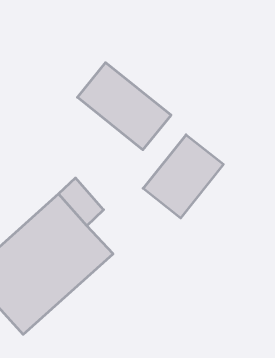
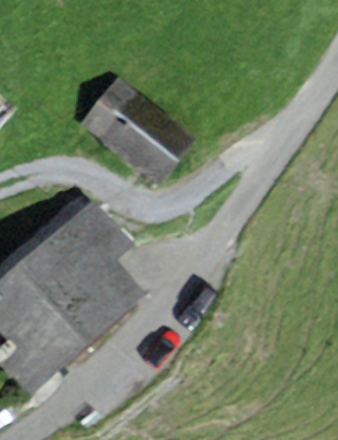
building: [143,135,223,218] -> none

